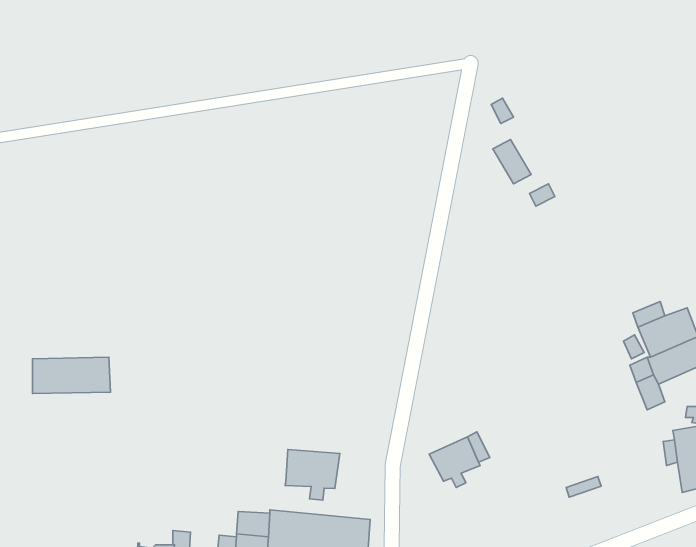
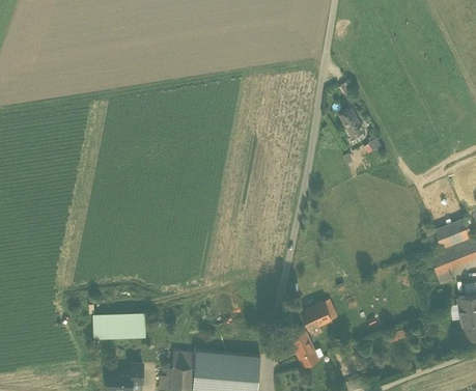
building: [32,357,110,394] -> [94,314,145,338]
building: [285,449,340,500] -> none
building: none -> [290,333,319,369]

